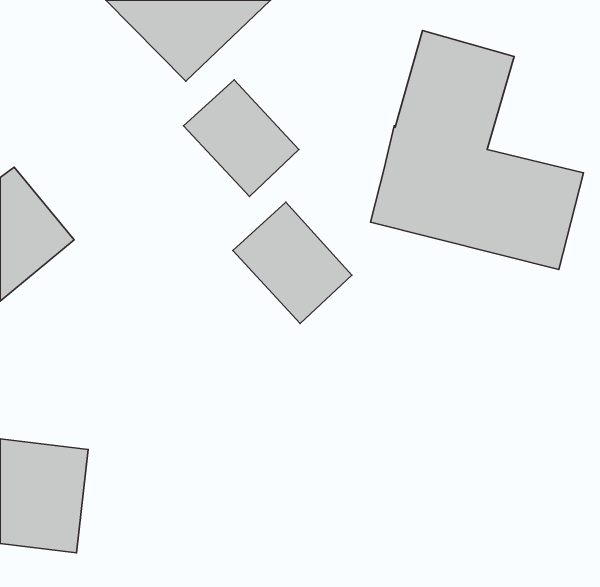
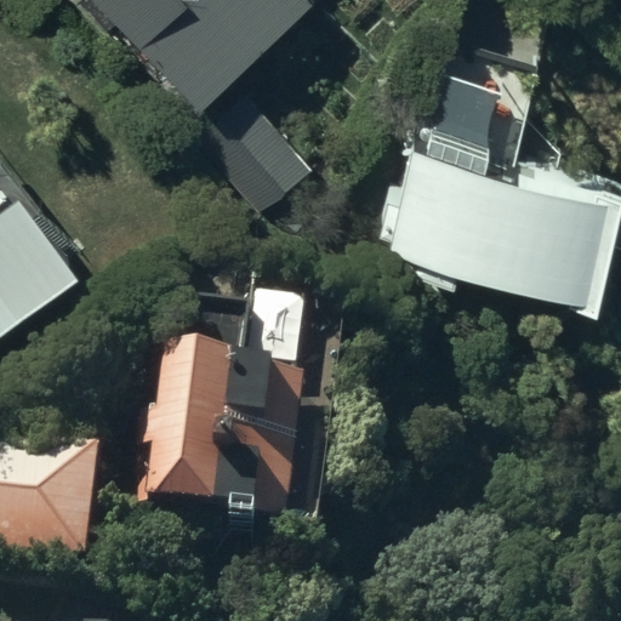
building: none -> [138,375,300,547]

